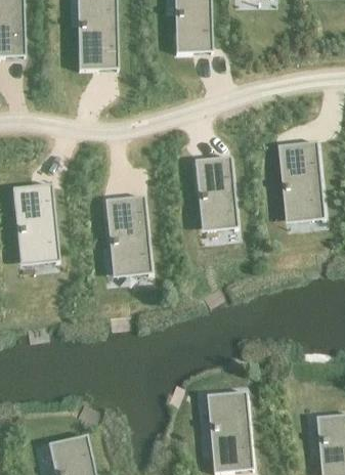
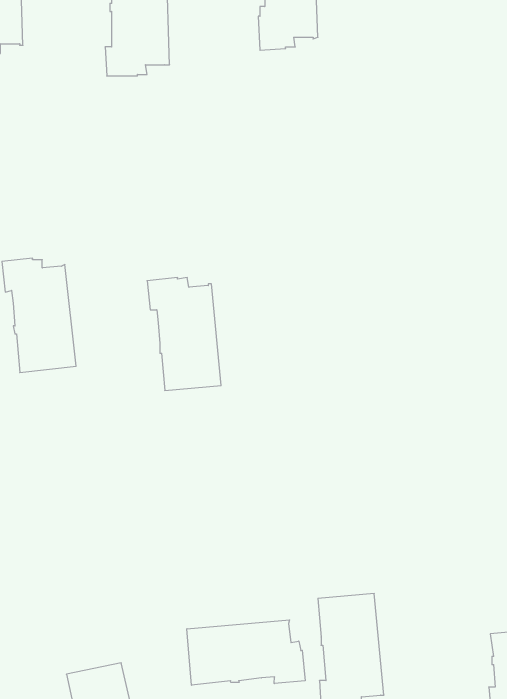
building: [276,143,324,215] -> none
building: [200,157,231,218] -> none
building: none -> [187,620,305,685]

